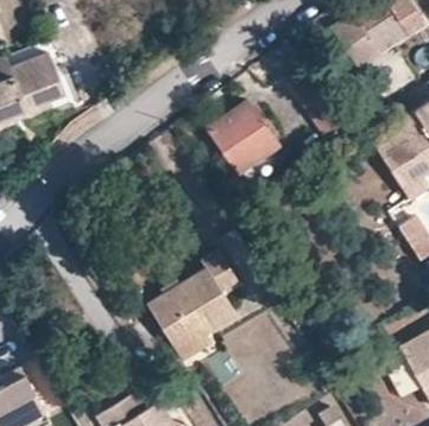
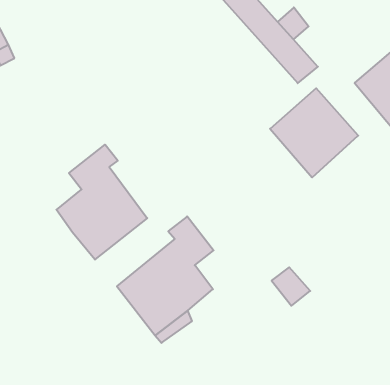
building: [204,102,279,178] -> [270,88,358,177]
building: none -> [56,145,147,260]

